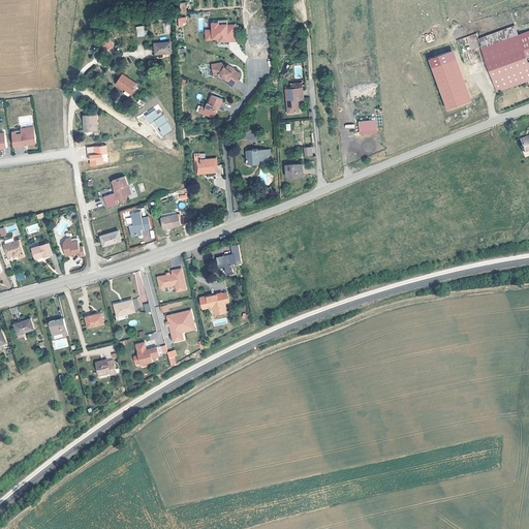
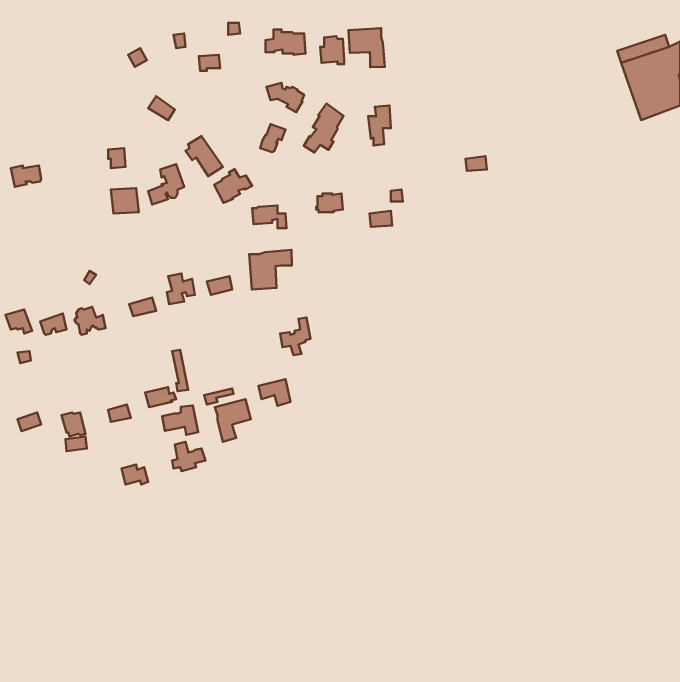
building: none -> [348,28,385,67]
building: [429,52,472,112] -> none
building: none -> [304,104,343,152]
building: none -> [214,169,252,203]
building: [103,177,131,208] -> [148,164,184,204]
building: none -> [249,250,292,289]
building: [157,269,185,291] -> [162,406,198,435]

